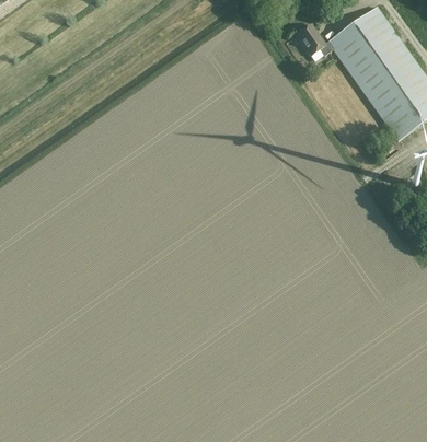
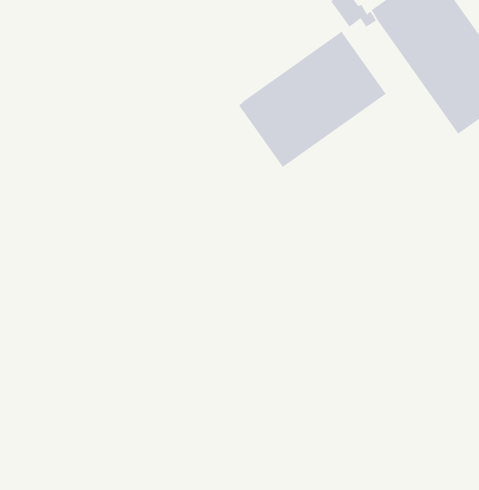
building: none -> [238,31,387,168]

